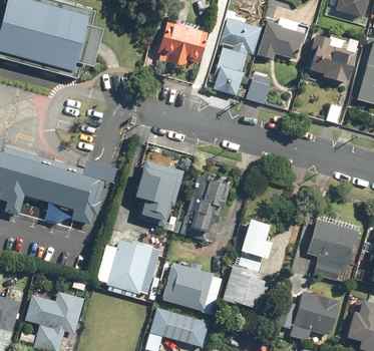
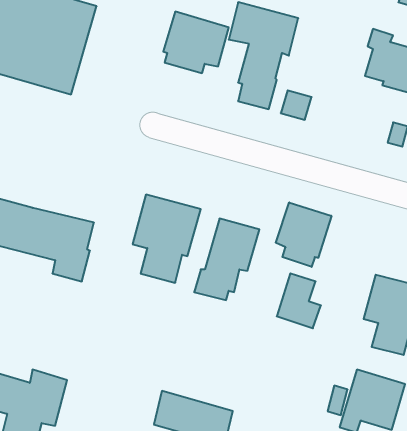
building: [255,21,302,59] -> none
building: none -> [276,202,331,267]
building: [107,240,160,294] -> none
building: [162,263,222,315] -> none
building: [221,264,271,316] -> none

